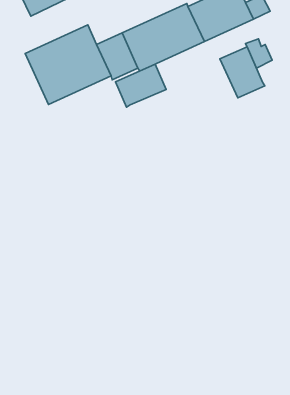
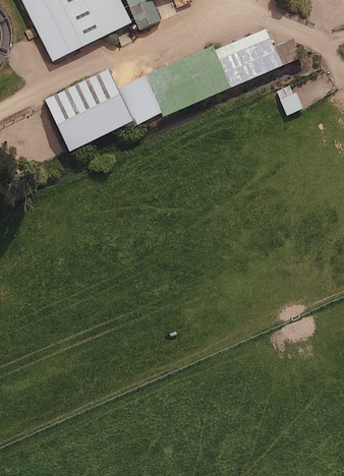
building: [220,47,265,98] -> none
building: [116,64,166,107] -> none

